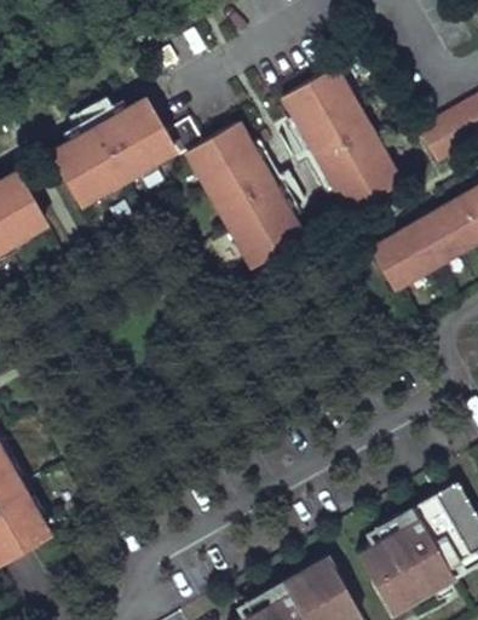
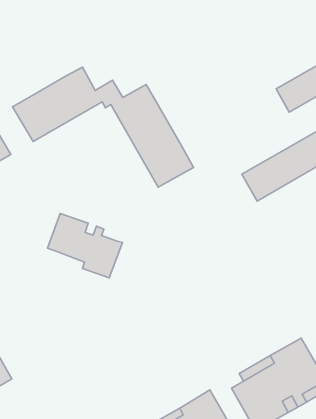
building: [284,69,399,213] -> none
building: none -> [47,213,122,278]

